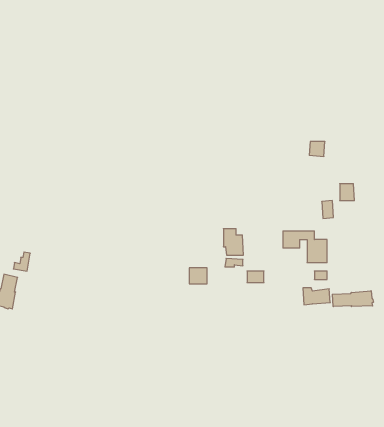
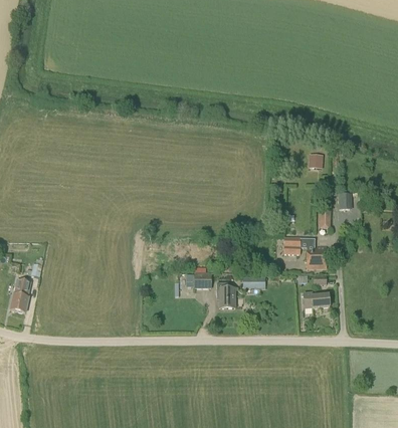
building: [223,229,243,255] -> [216,282,235,307]
building: [332,291,373,307] -> none

